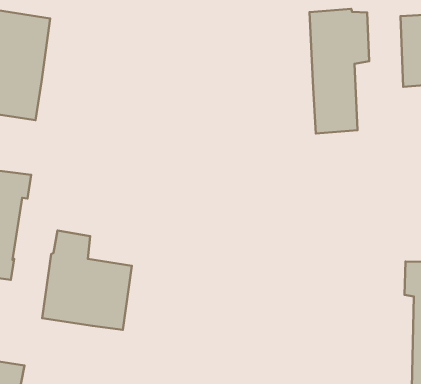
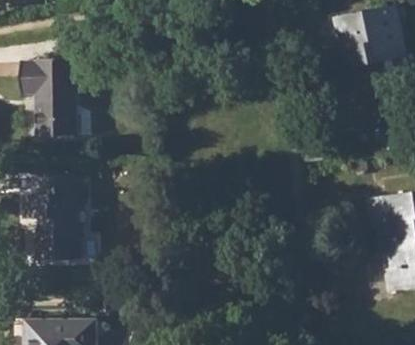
building: [309,9,369,133] -> none
building: [42,231,132,330] -> none

